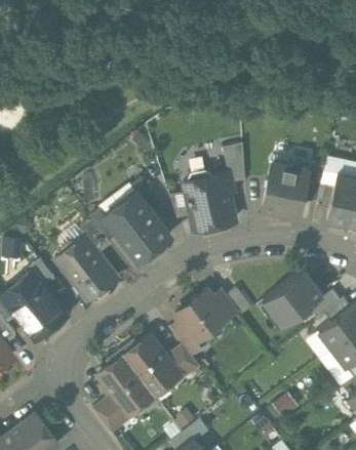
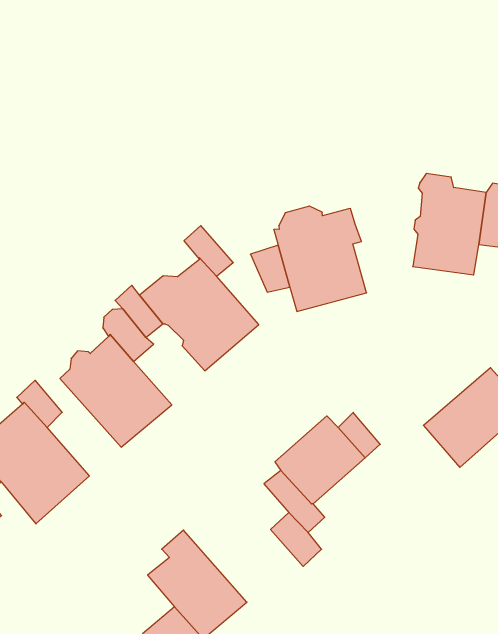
building: [223,142,245,181] -> none
building: [120,337,180,396] -> none

